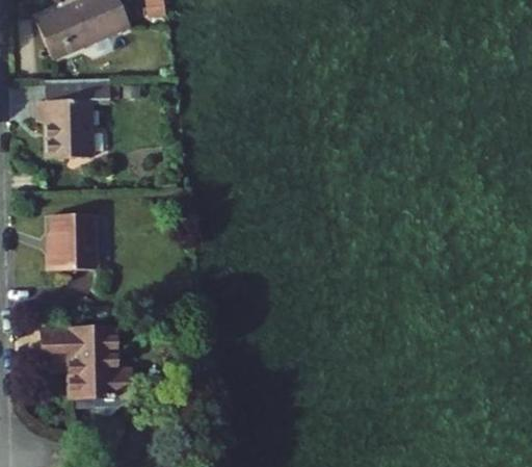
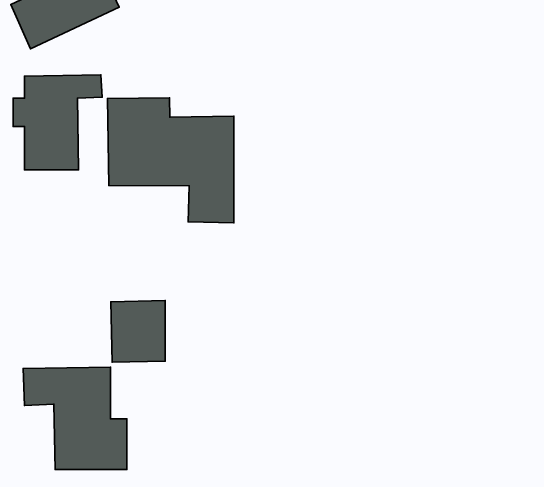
building: none -> [107,98,234,223]
building: [51,220,97,273] -> [111,301,165,362]

